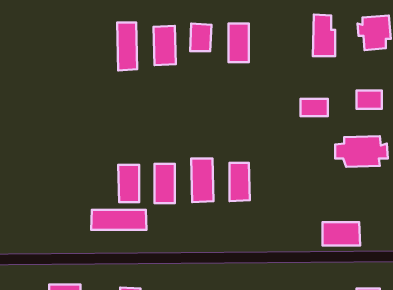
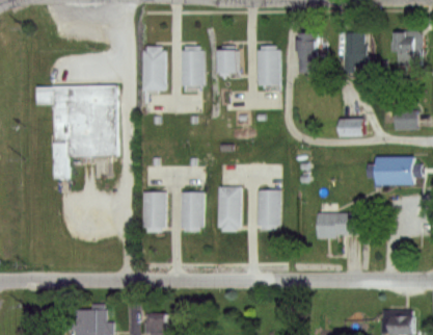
building: none -> [299,36,317,78]
building: none -> [37,82,117,178]
building: [91,210,146,230] -> none
building: [323,222,360,246] -> [319,210,357,234]

